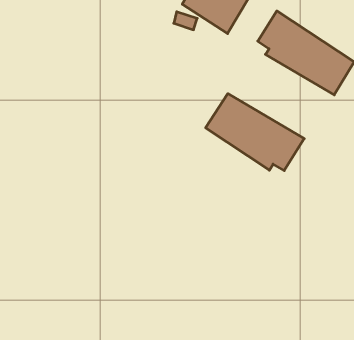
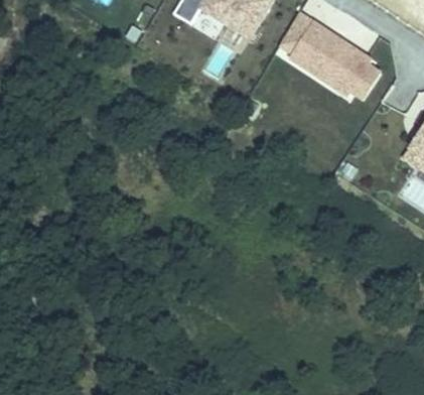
building: [206,94,304,171] -> none

